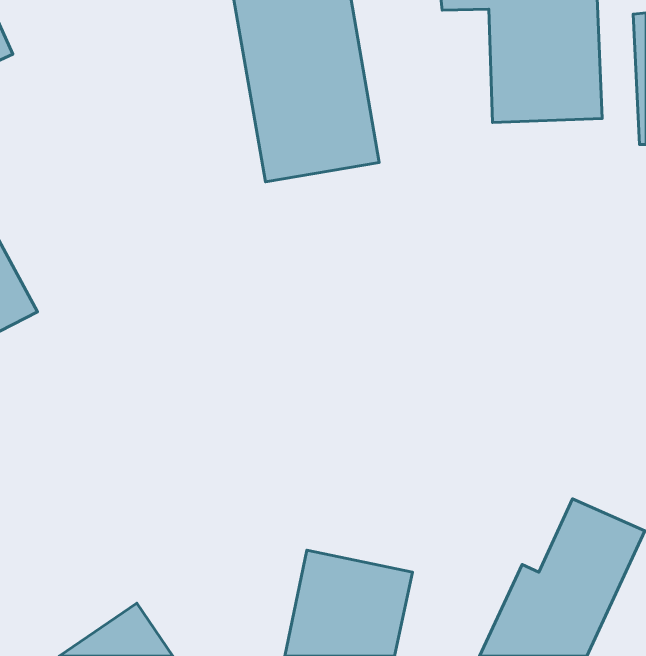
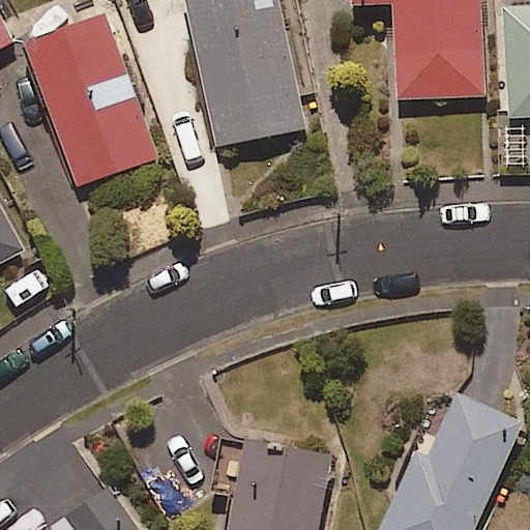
building: none -> [25,19,152,185]

